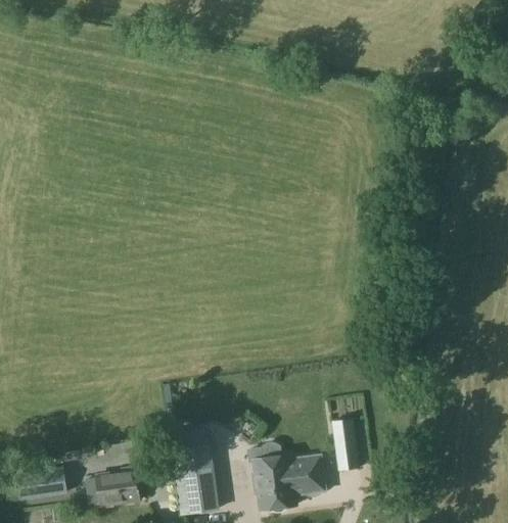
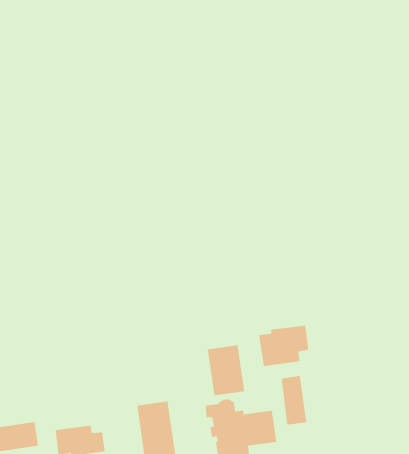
building: none -> [258,325,309,367]
building: none -> [207,345,245,396]

